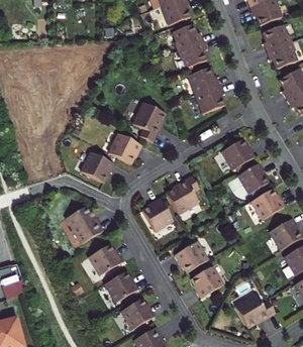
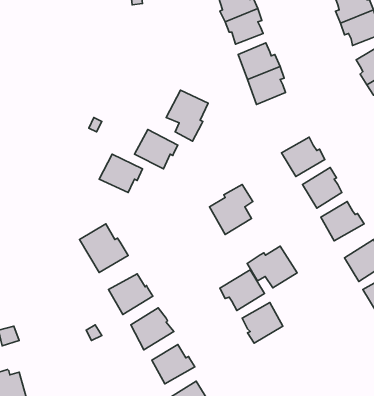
building: [141,197,173,231] -> none
building: none -> [247,246,297,288]
building: [235,295,275,328] -> none

